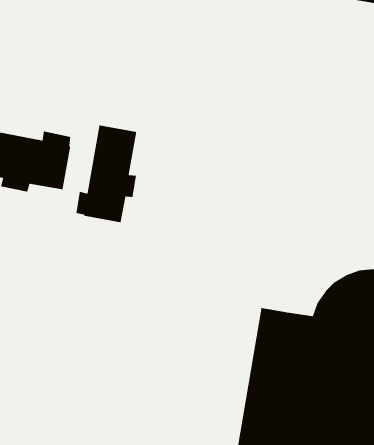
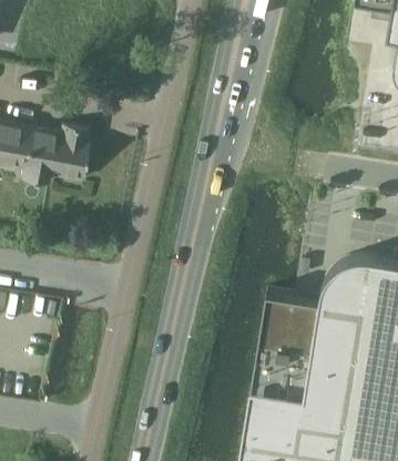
building: [76,125,137,223] -> none

